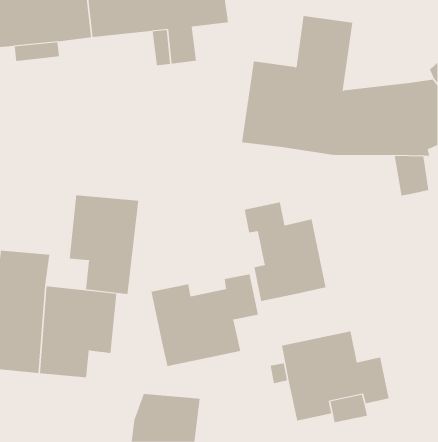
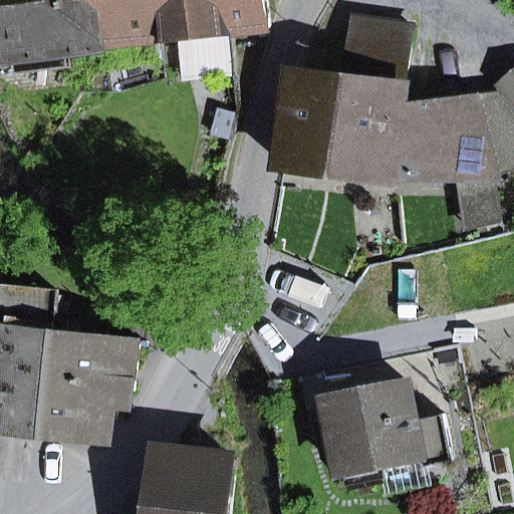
building: [69,195,139,295] -> none
building: [244,201,326,302] -> none
building: [151,273,259,367] -> none

